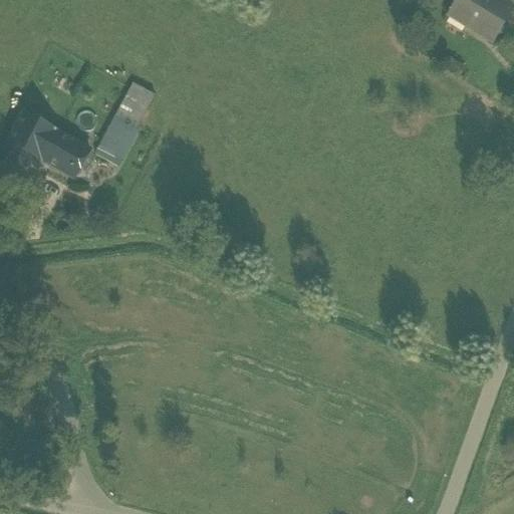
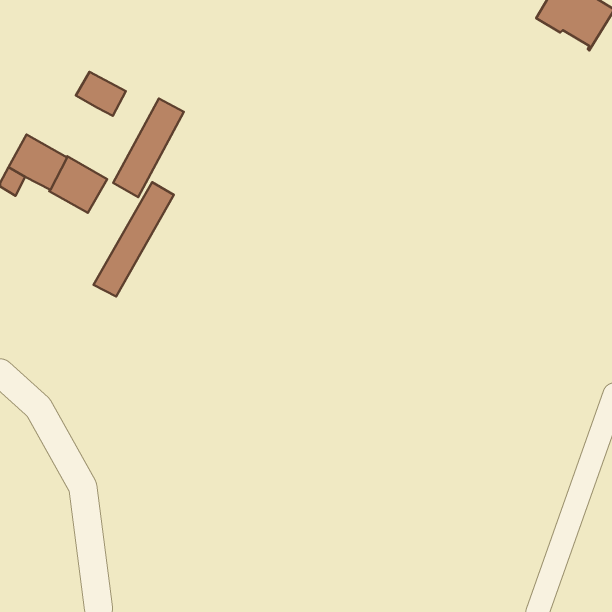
building: none -> [76,72,126,116]
building: none -> [94,182,174,297]

